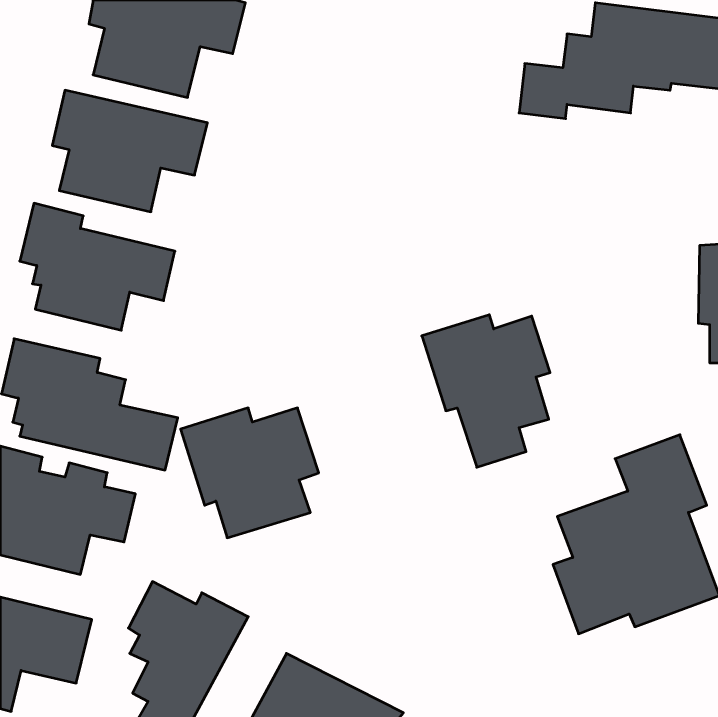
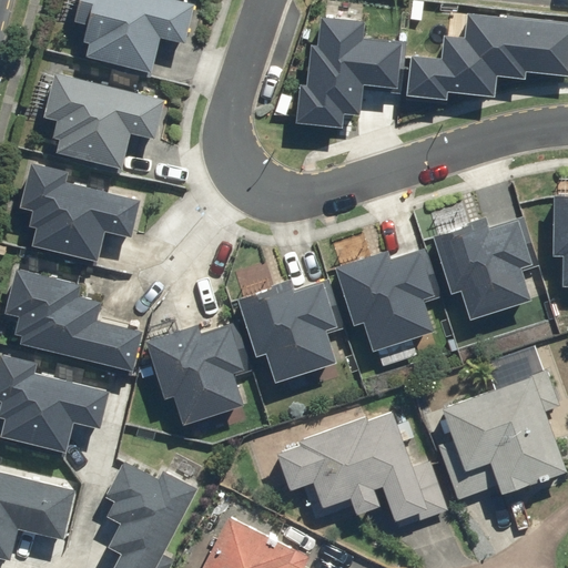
building: none -> [298,12,404,119]
building: none -> [430,220,532,321]
building: none -> [235,282,337,385]
building: none -> [275,413,449,530]

